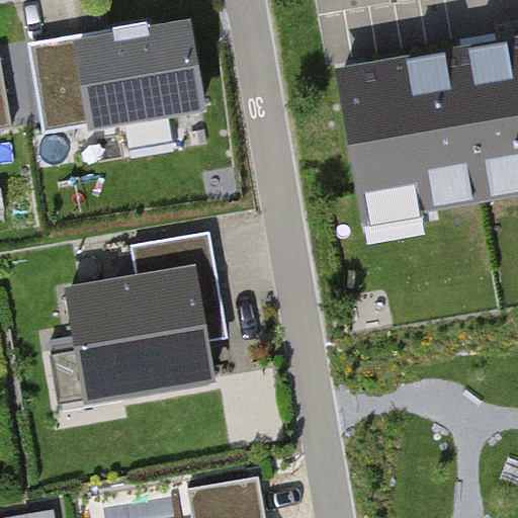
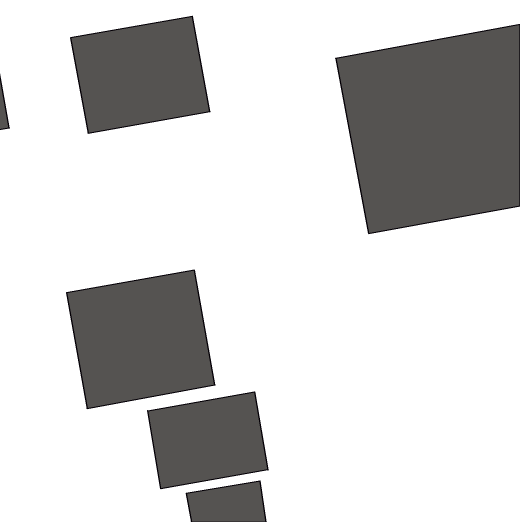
building: [26,40,85,132] -> none
building: none -> [148,392,268,489]

